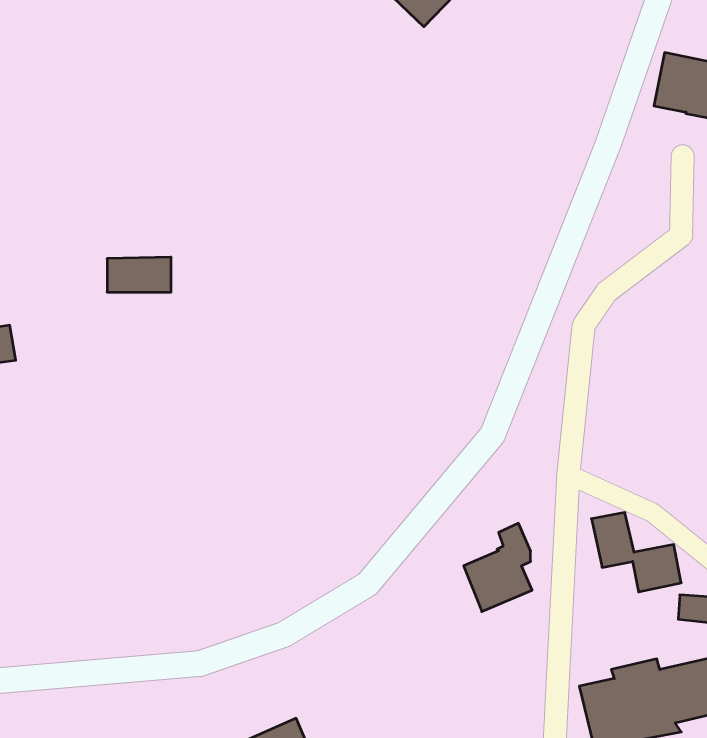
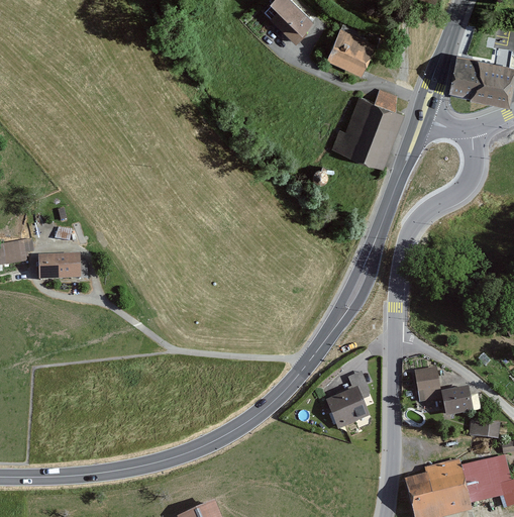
building: none -> [330,29,377,73]
building: none -> [337,89,406,167]
building: [107,257,171,292] -> [39,254,82,278]

